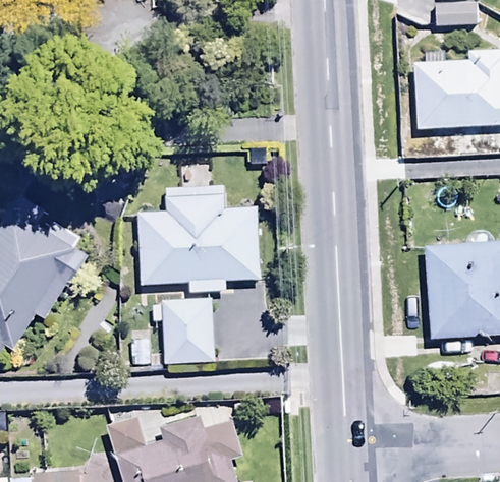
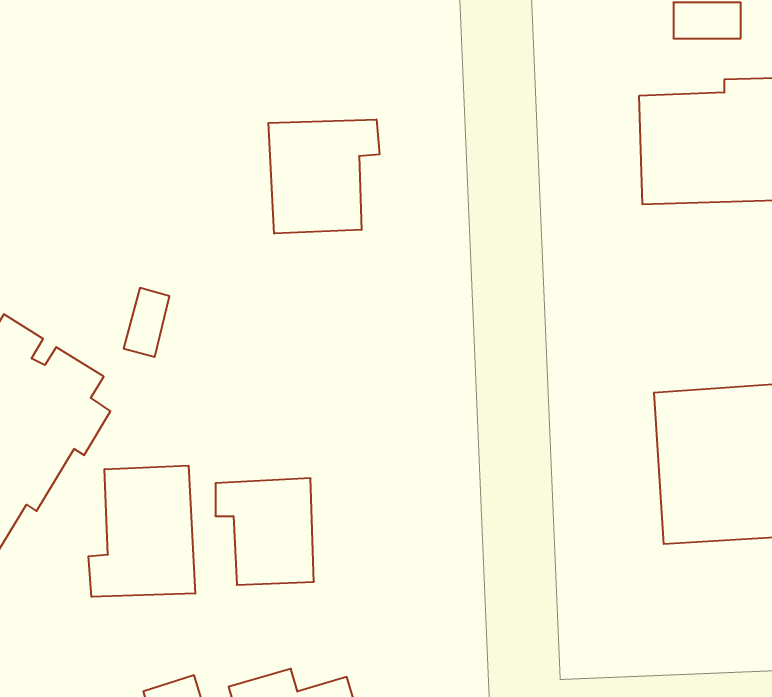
building: none -> [268,119,379,234]
building: [137,185,259,290] -> none
building: none -> [88,466,195,597]

